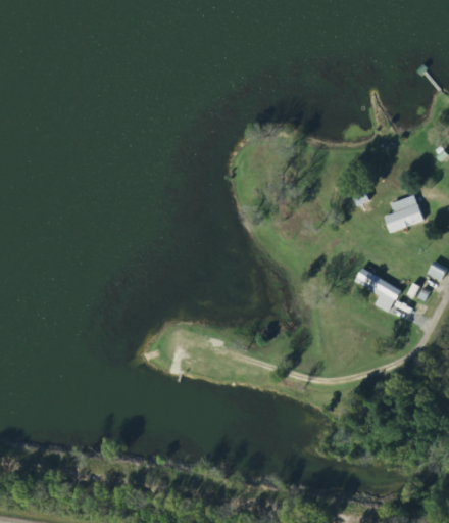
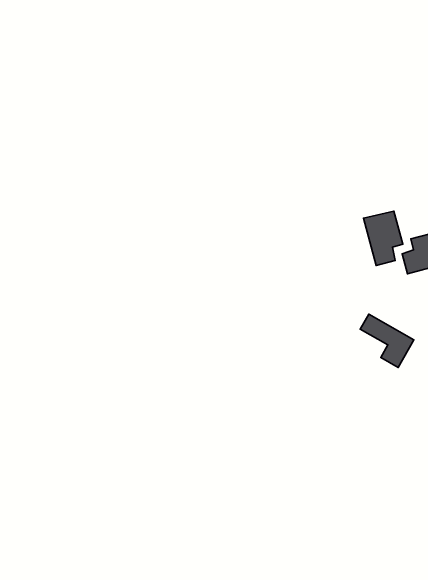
building: none -> [363,211,403,266]

